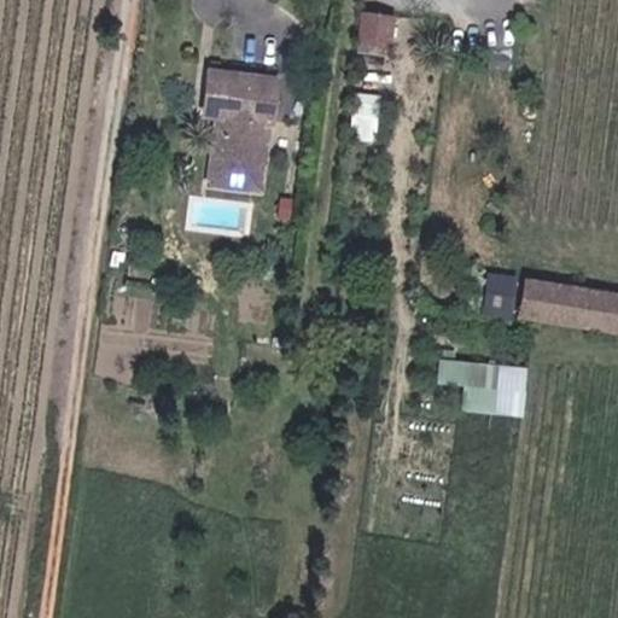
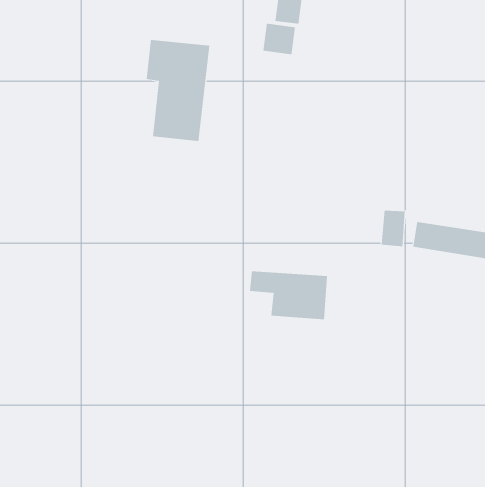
building: none -> [263,23,296,55]
building: [435,357,527,415] -> [249,271,328,320]

